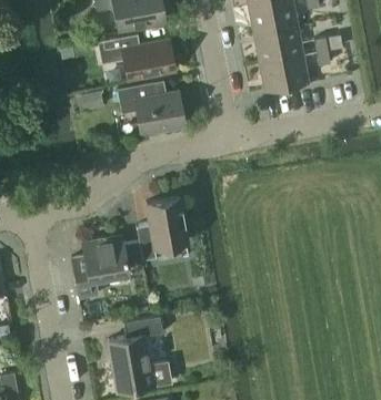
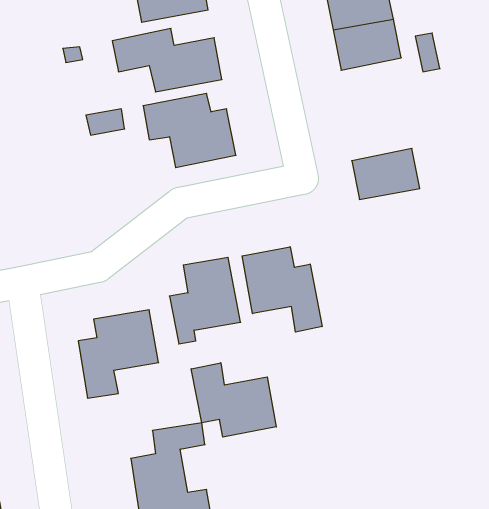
building: [260,54,309,91] -> [352,148,420,199]
building: none -> [242,247,322,332]
building: none -> [191,363,276,437]

